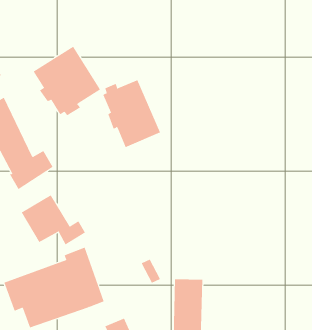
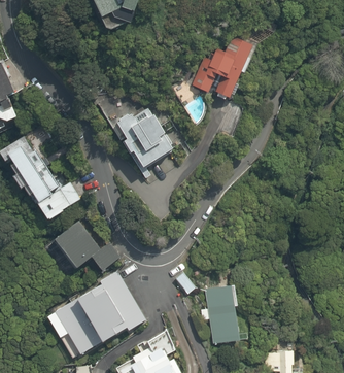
building: none -> [191,37,252,100]
building: [33,46,101,116] -> none

